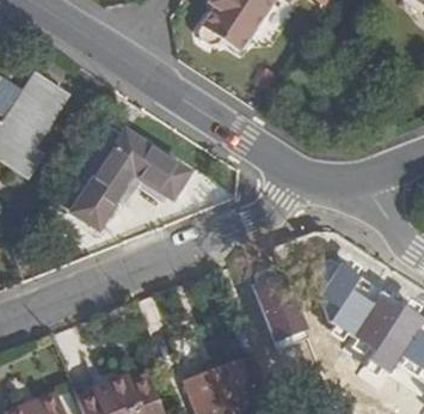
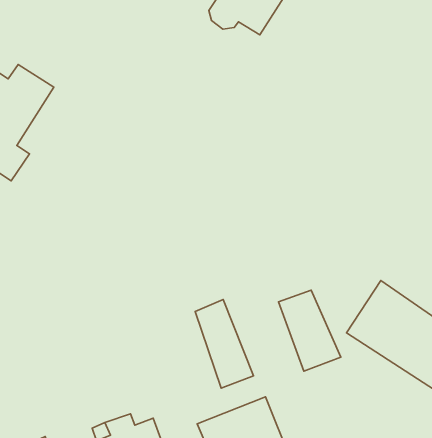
building: [50,121,192,245] -> none
building: none -> [195,299,254,388]

